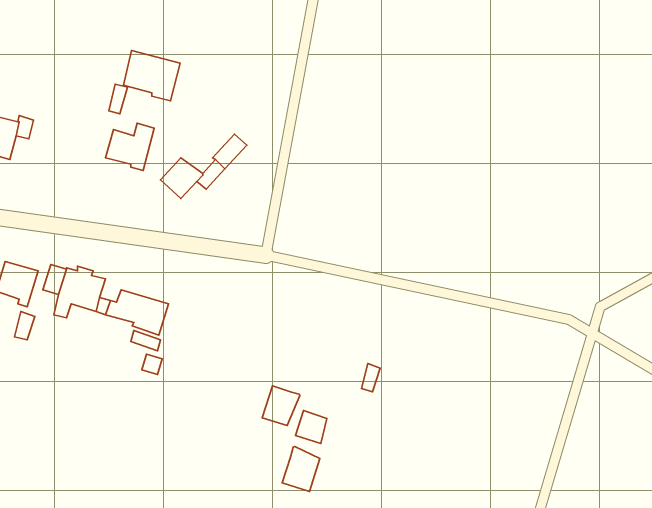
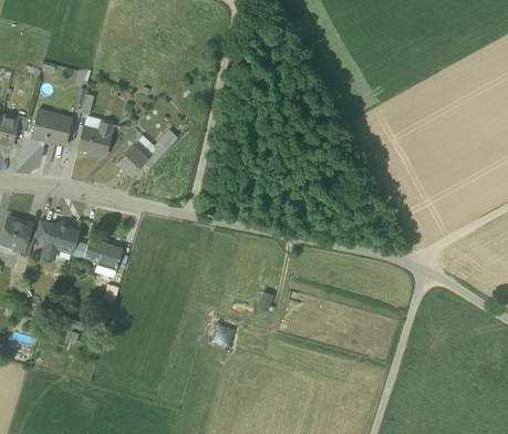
building: [124,51,180,101] -> [32,109,72,144]
building: [262,386,300,426] -> none
building: [282,446,320,492] -> none

